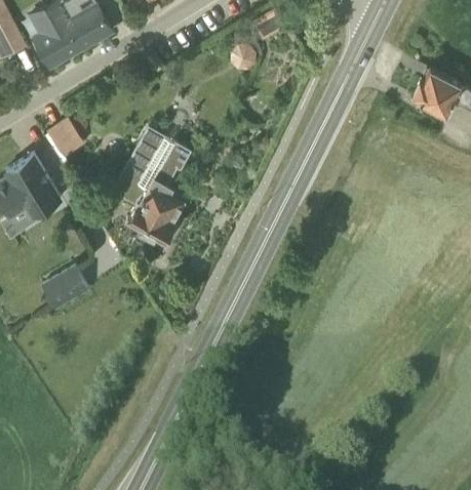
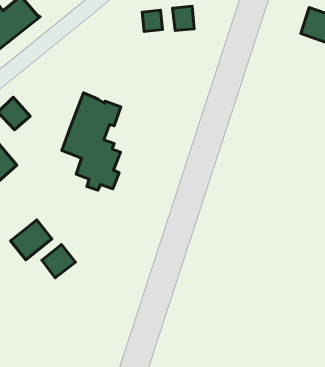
building: none -> [173,6,194,30]
building: none -> [42,244,76,278]

